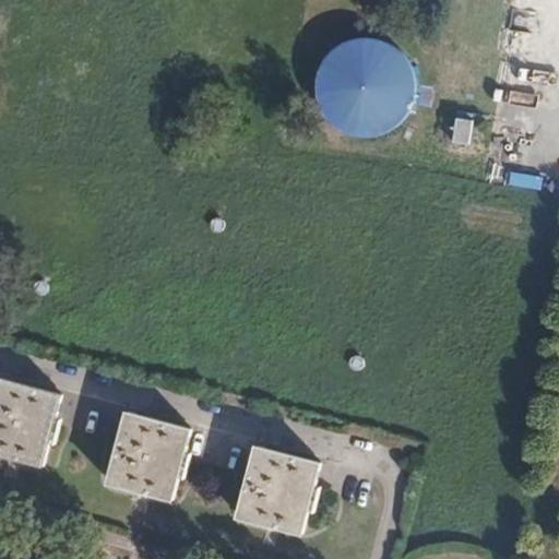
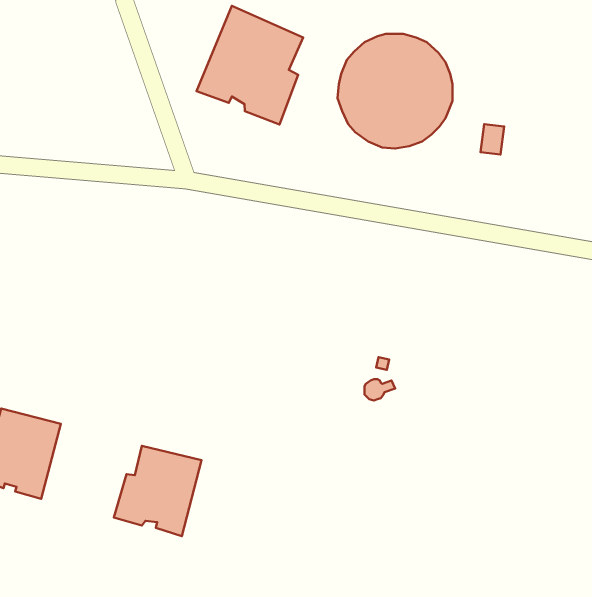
building: none -> [196,6,303,124]
building: [235,450,317,534] -> none

